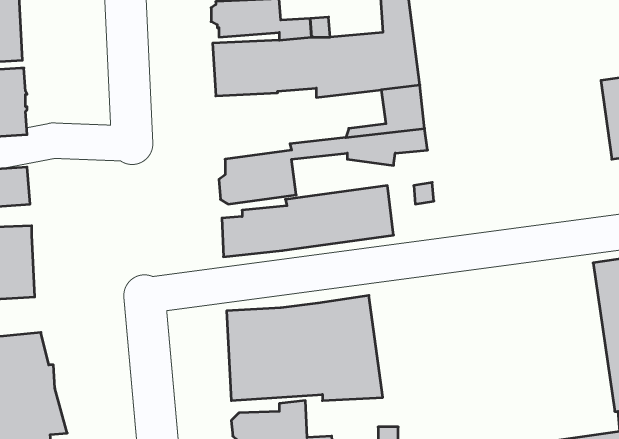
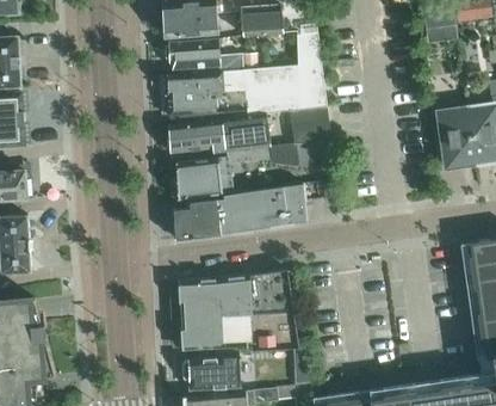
building: none -> [430,103,475,166]
building: none -> [169,119,269,153]

